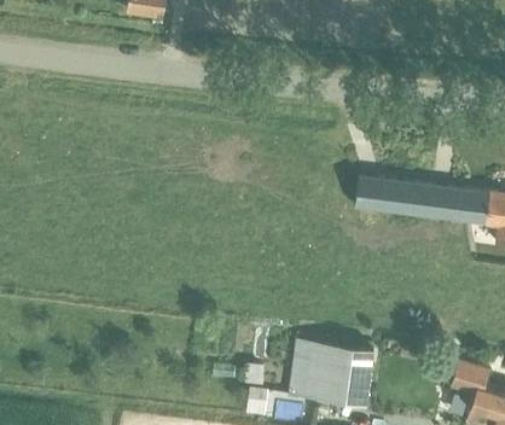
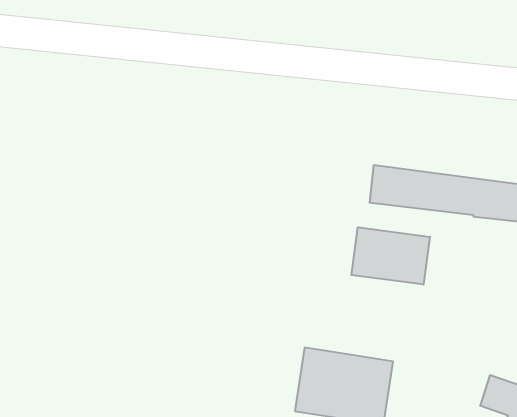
building: none -> [351,227,430,285]

